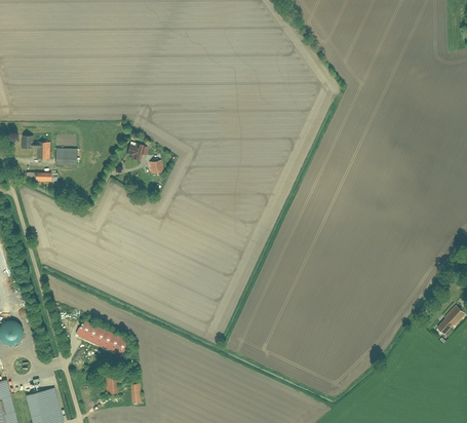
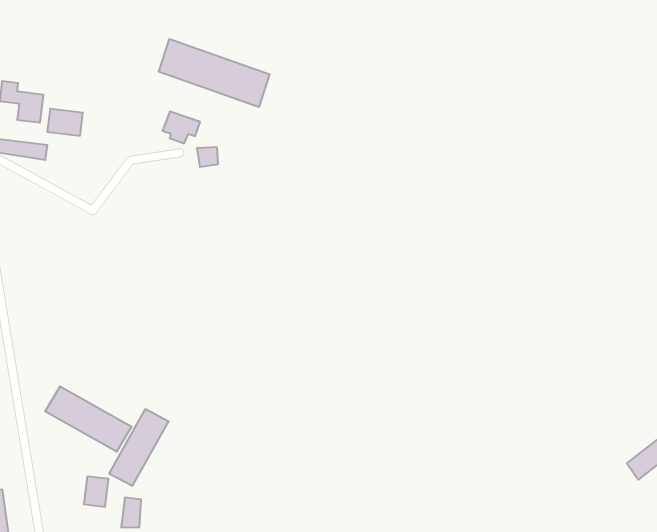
building: none -> [159,39,270,107]
building: none -> [109,409,168,486]

